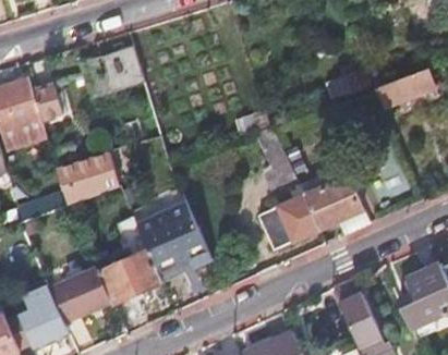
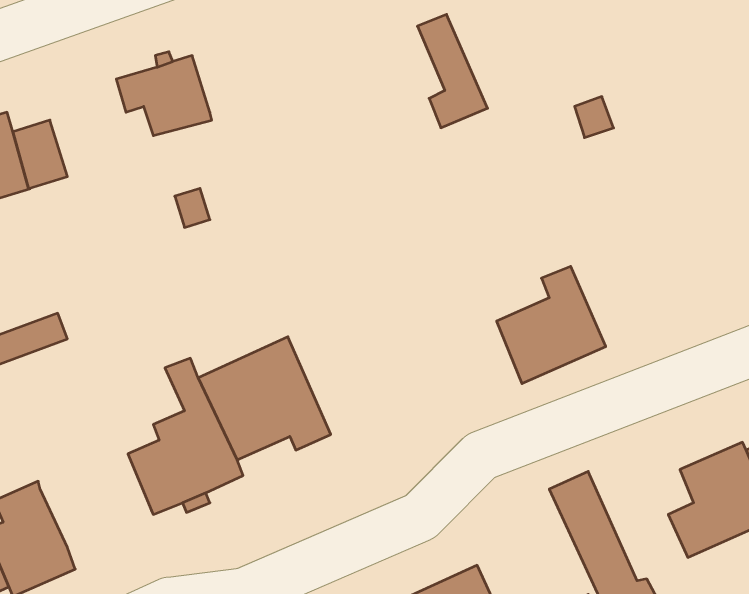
building: [375,70,438,109] -> none
building: [256,127,295,191] -> [417,14,488,128]
building: [57,154,118,204] -> none
building: [256,188,317,250] -> none
building: [48,268,110,322] -> none

